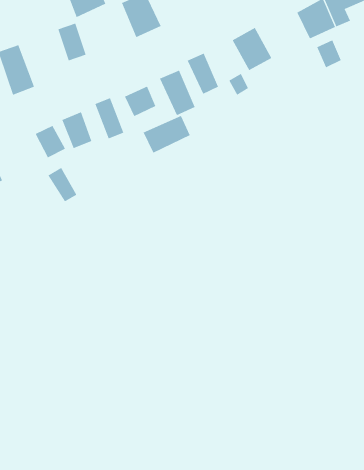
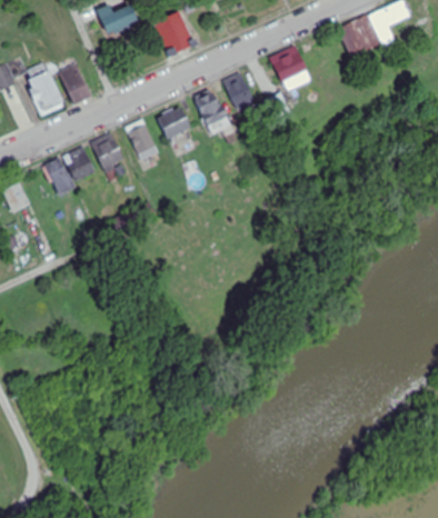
building: [58,23,86,61] -> [61,64,91,104]
building: [316,40,341,68] -> none
building: [143,115,191,153] -> none
building: [48,167,77,202] -> [44,158,76,195]

